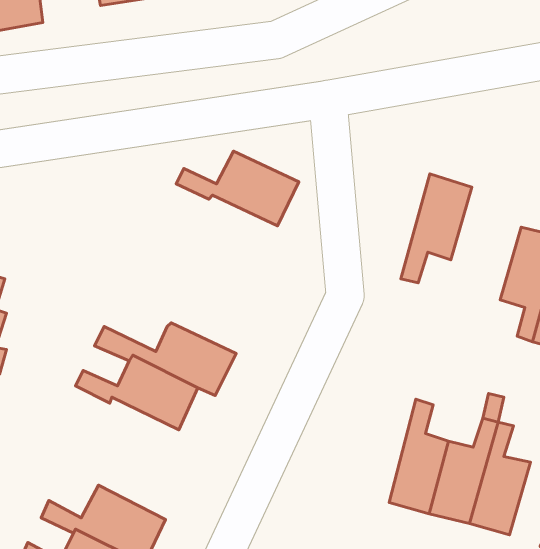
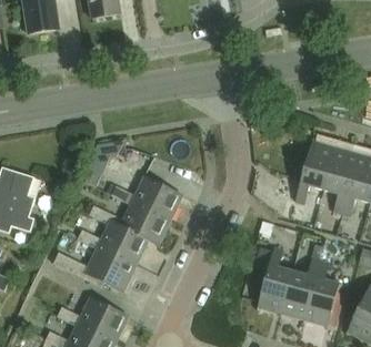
building: [176,151,299,226] -> [110,176,181,220]
building: [401,174,472,283] -> [293,139,334,202]
building: none -> [52,245,136,290]

